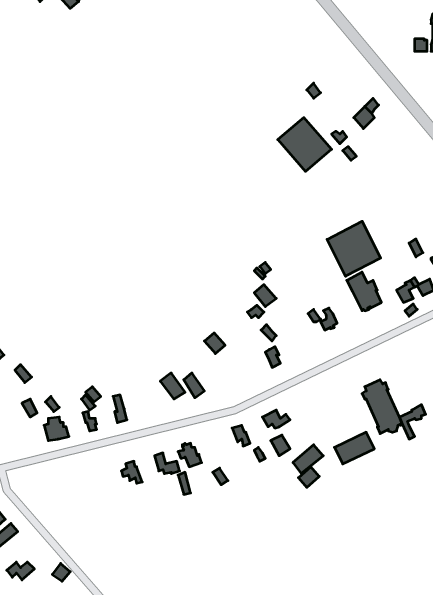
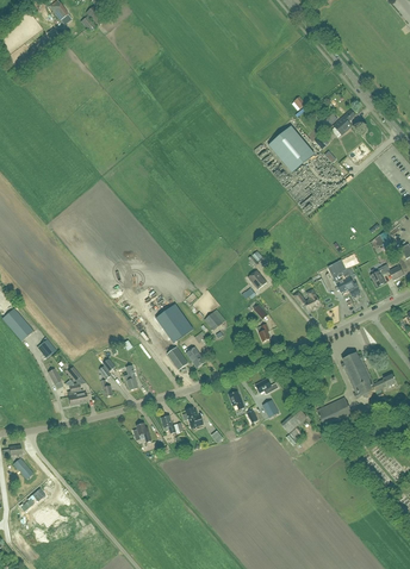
building: [327,221,381,276] -> none
building: none -> [156,305,193,343]

